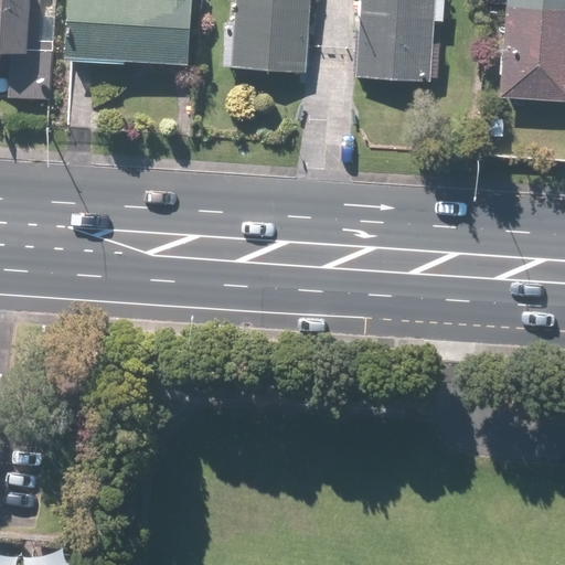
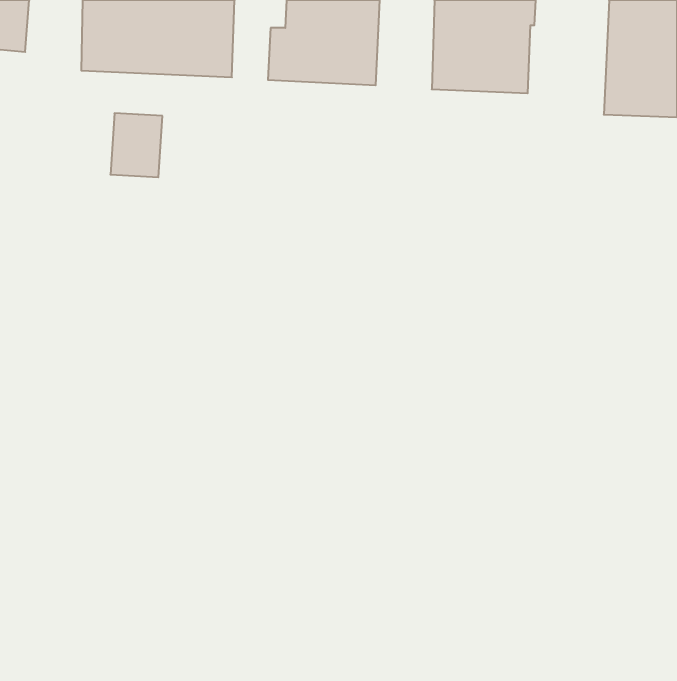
building: [9,49,52,102] -> [110,113,162,177]

